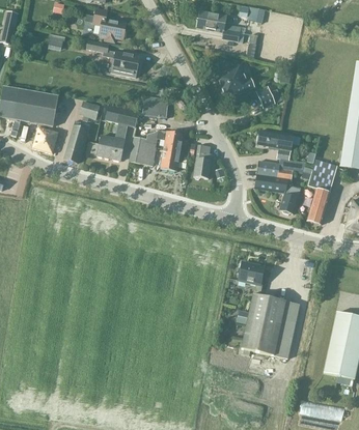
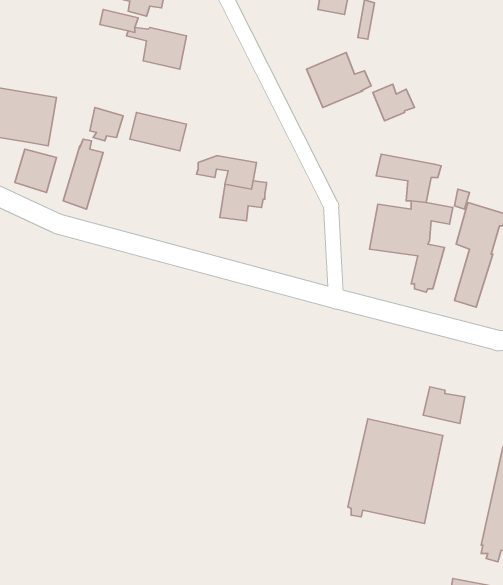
building: [142,94,169,117] -> none
building: [96,133,126,160] -> none
building: [129,136,158,165] -> none
building: [193,143,212,178] -> none
building: [238,261,264,284] -> [423,387,465,423]

